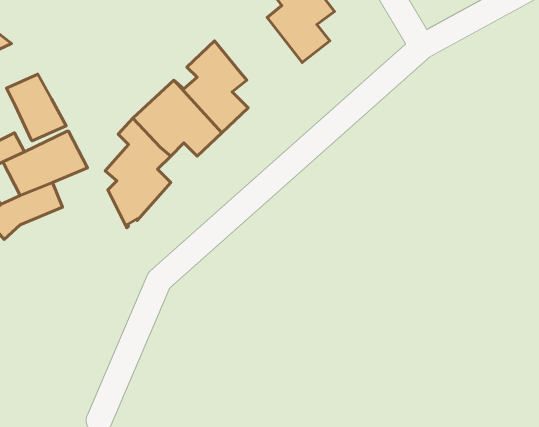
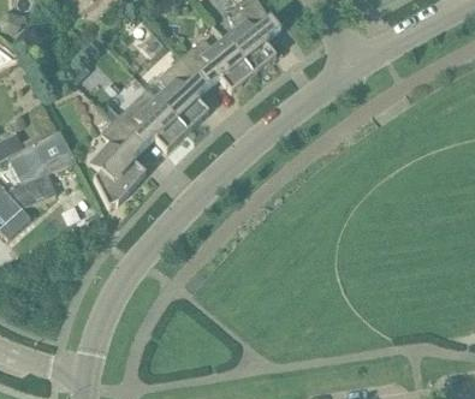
building: none -> [183,36,255,91]
building: [6,74,66,141] -> none

